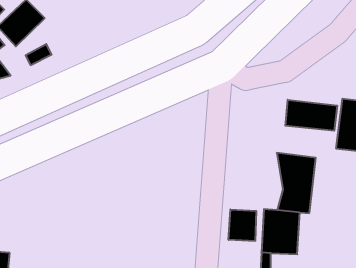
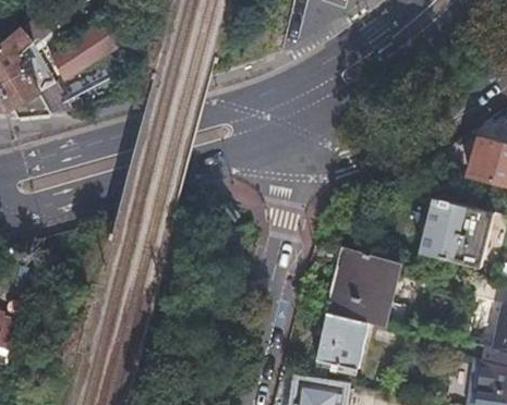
building: [285,100,337,131] -> none
building: [229,209,256,241] -> none

